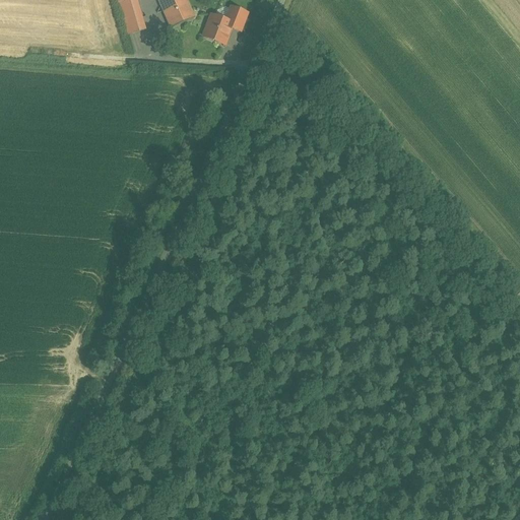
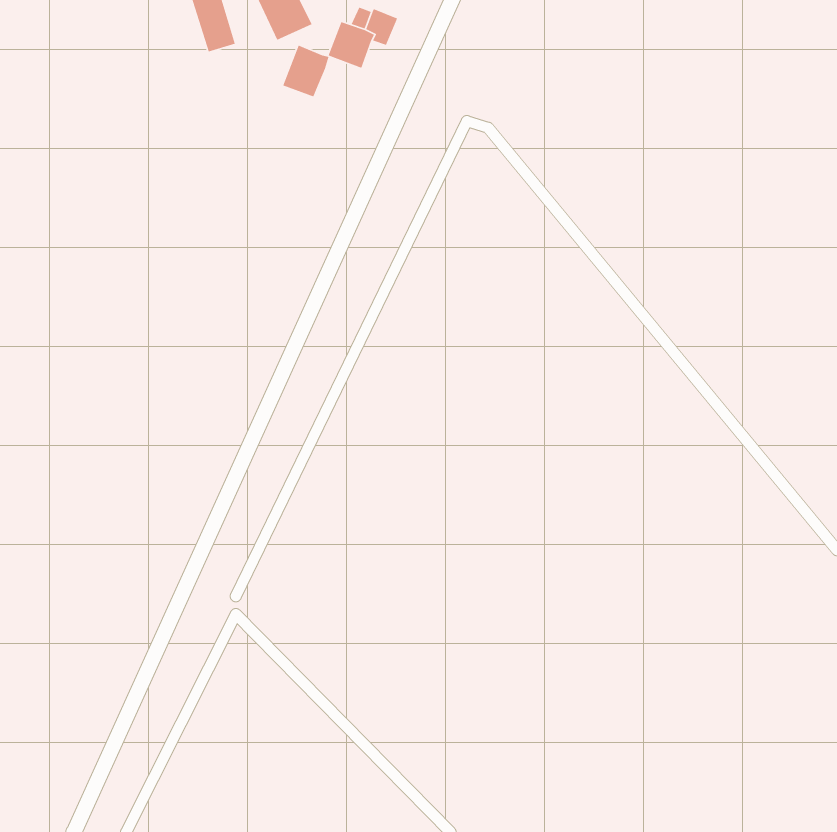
building: none -> [282,44,329,98]

